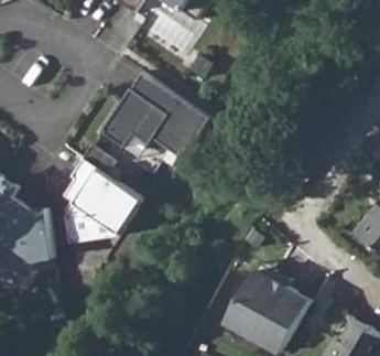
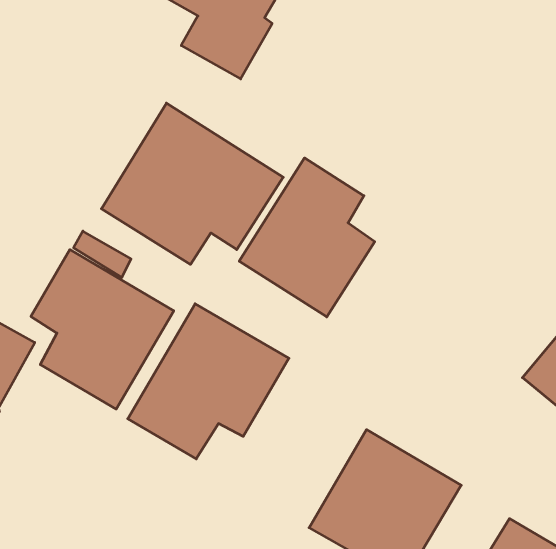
building: none -> [239,158,375,317]
building: none -> [128,304,289,459]

